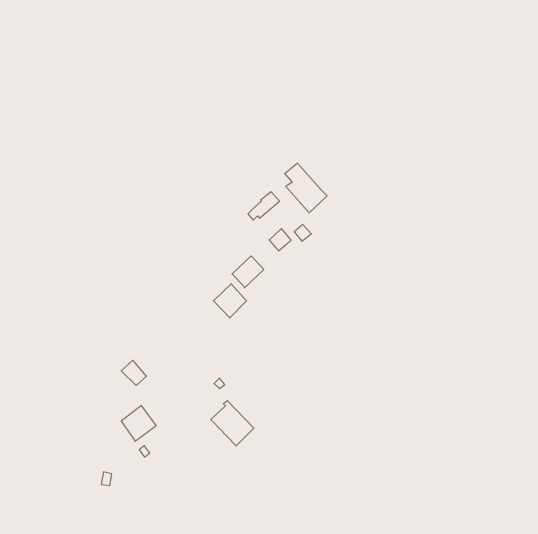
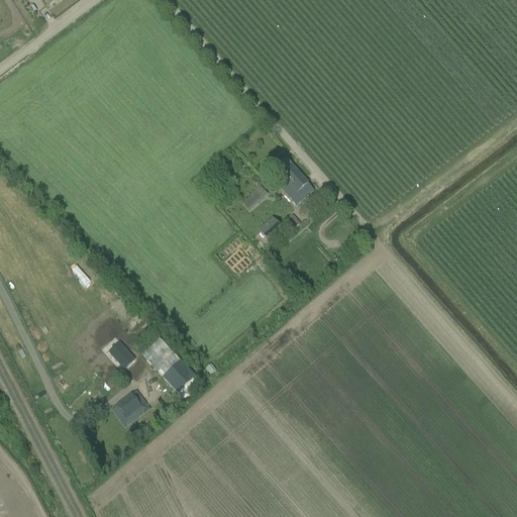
building: [213,284,246,318] -> none
building: [211,401,254,446] -> [154,349,196,393]

